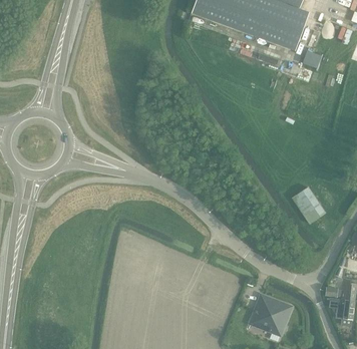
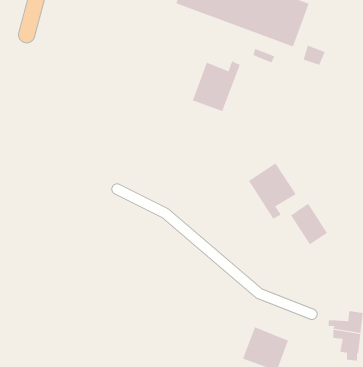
building: none -> [192,61,240,112]
building: none -> [248,162,296,219]

